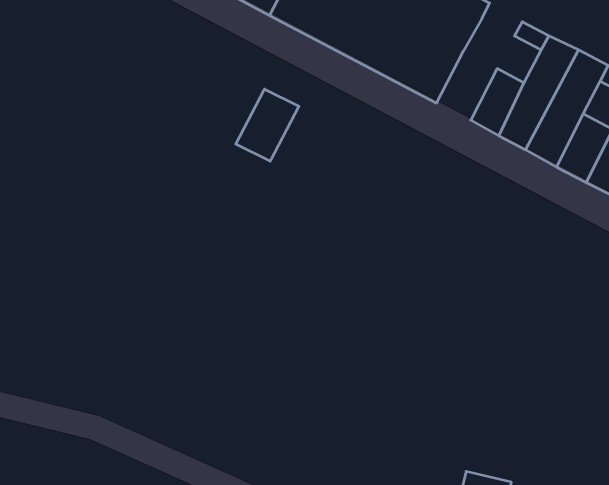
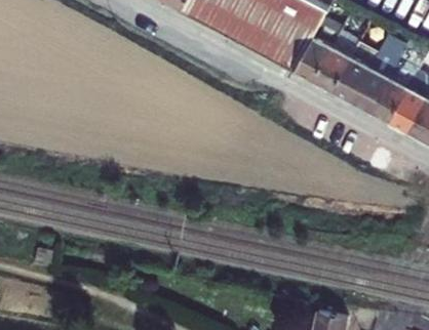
building: none -> [294,37,334,82]
building: [236,89,299,161] -> none

